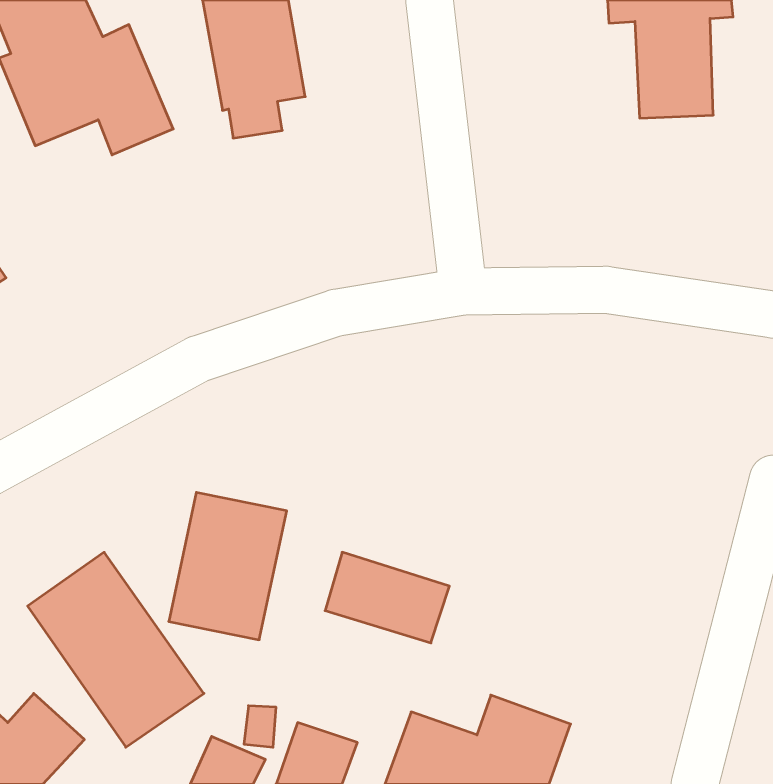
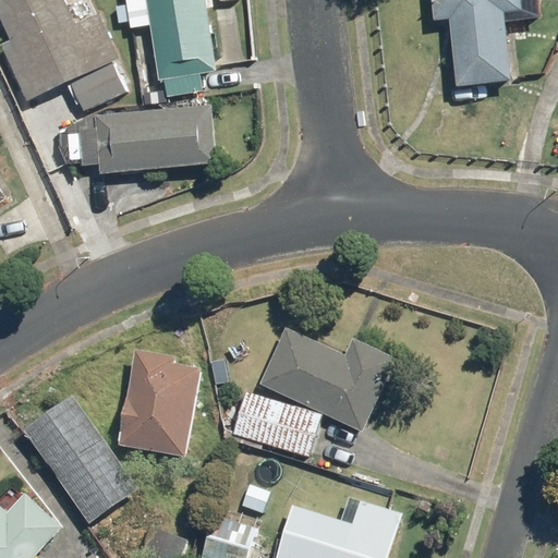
building: none -> [75,104,213,170]
building: none -> [258,327,396,432]

